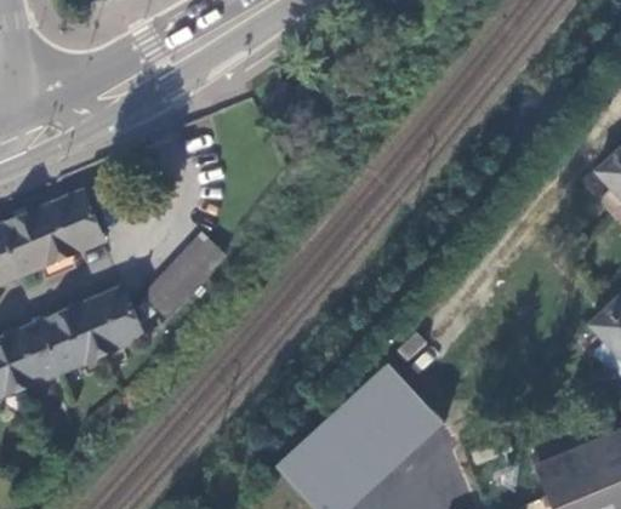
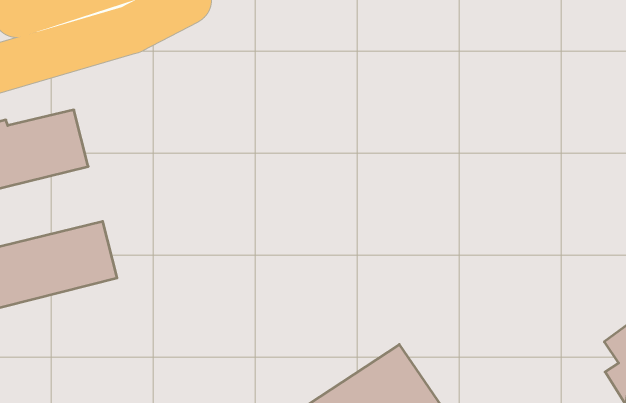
building: [144,222,235,318] -> none

